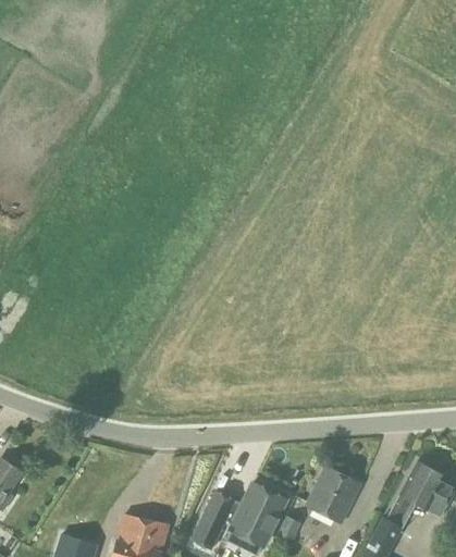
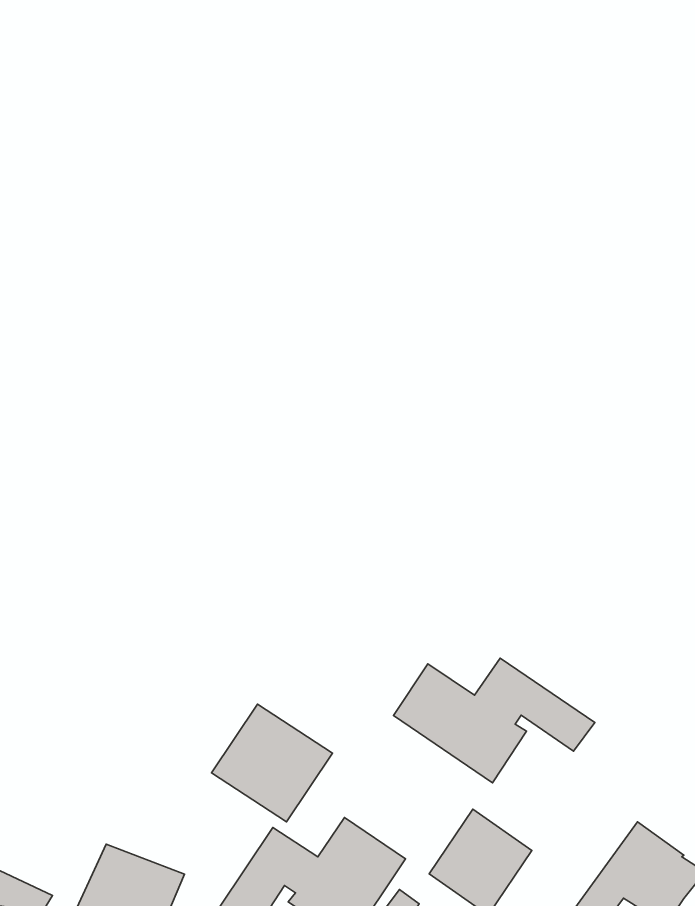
building: none -> [394,658,595,783]
building: none -> [212,704,332,822]

